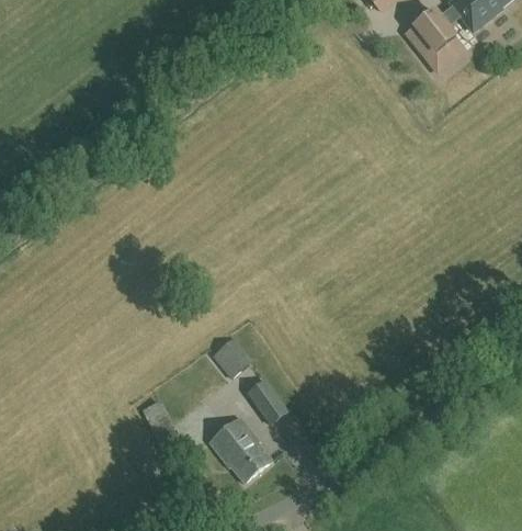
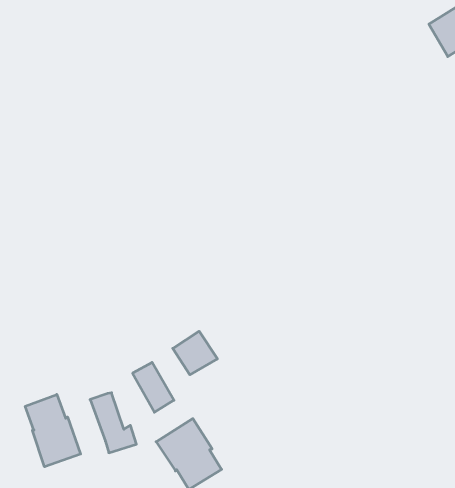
building: [247,383,287,428] -> [133,362,174,412]
building: none -> [25,394,81,467]

